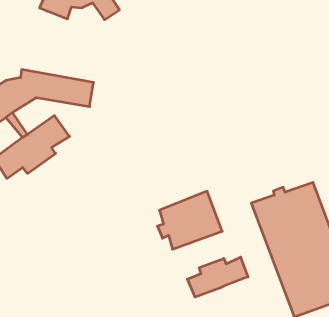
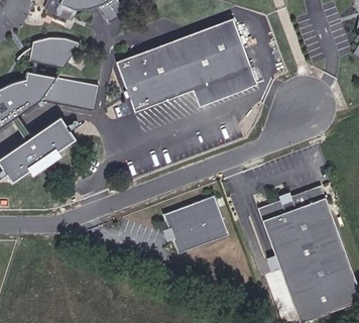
building: none -> [116,18,257,111]
building: none -> [19,37,80,67]
building: [187,257,248,297] -> none

